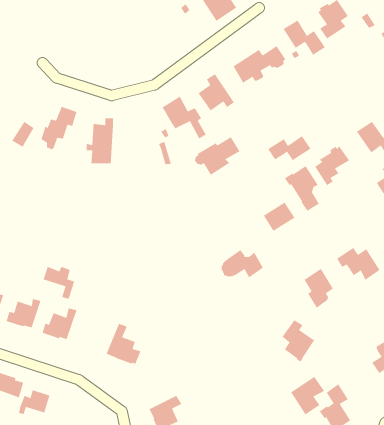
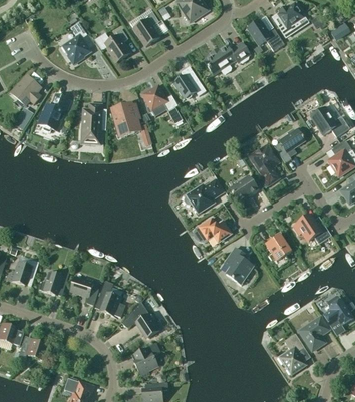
building: none -> [133,12,159,47]
building: none -> [62,22,90,64]
building: none -> [94,28,130,62]
building: none -> [11,75,40,105]
building: none -> [113,106,138,133]
building: [267,135,311,161] -> none
building: [194,136,241,176] -> [184,179,224,214]
building: [42,266,75,300] -> [70,276,98,305]
building: [282,319,315,362] -> [224,248,253,285]
building: none -> [121,302,158,337]
building: [290,376,325,416] -> [299,317,329,351]

